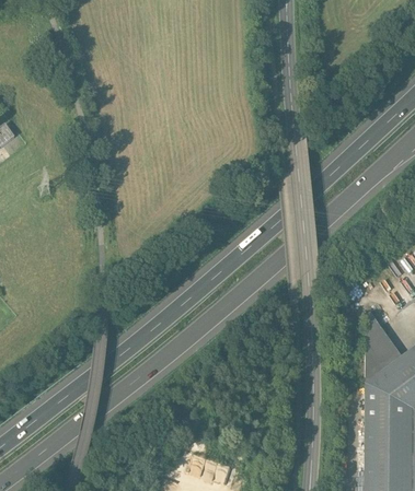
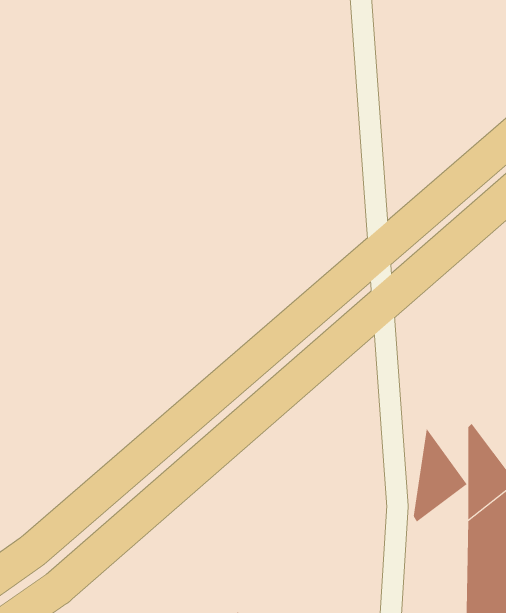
building: none -> [413,428,467,522]

